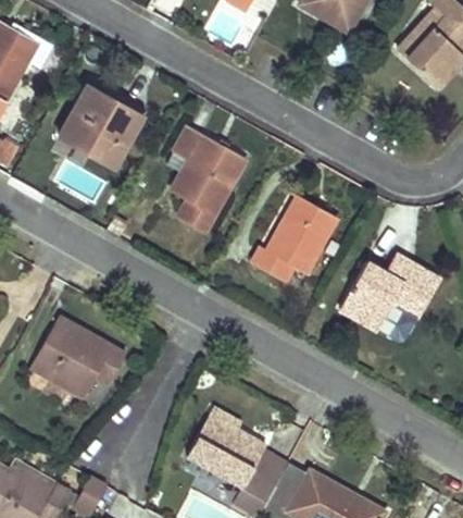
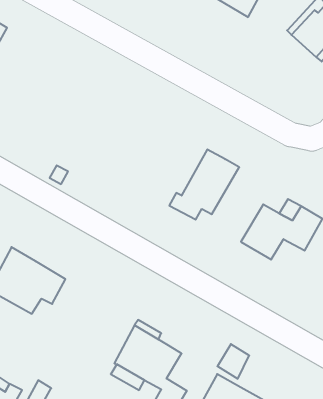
building: [58,94,139,165] -> none
building: [173,127,243,231] -> none
building: [248,448,287,491] -> [217,344,249,379]

